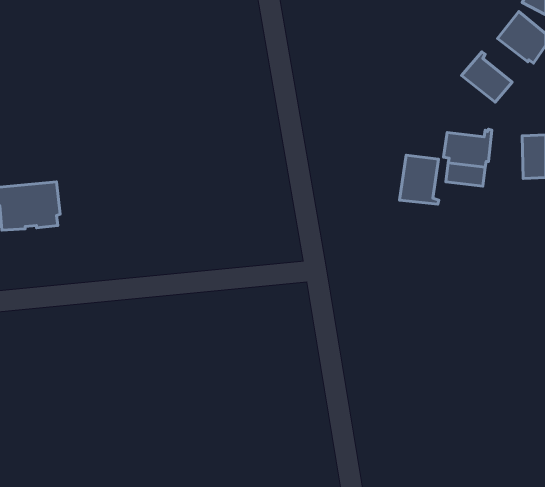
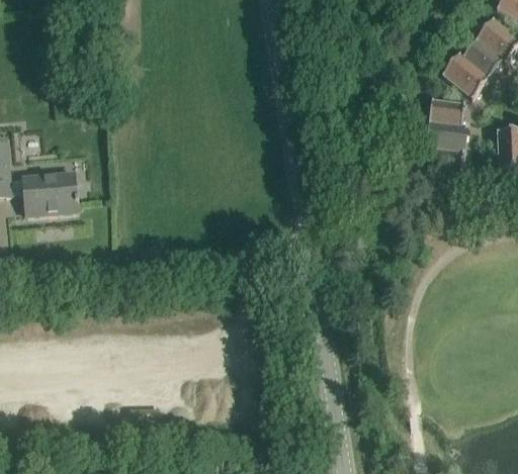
building: none -> [460,40,501,80]
building: none -> [428,97,464,129]
building: [399,155,439,204] -> none

